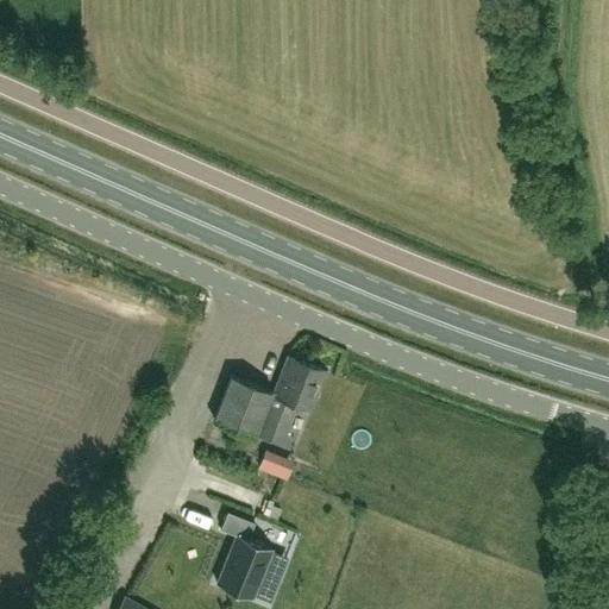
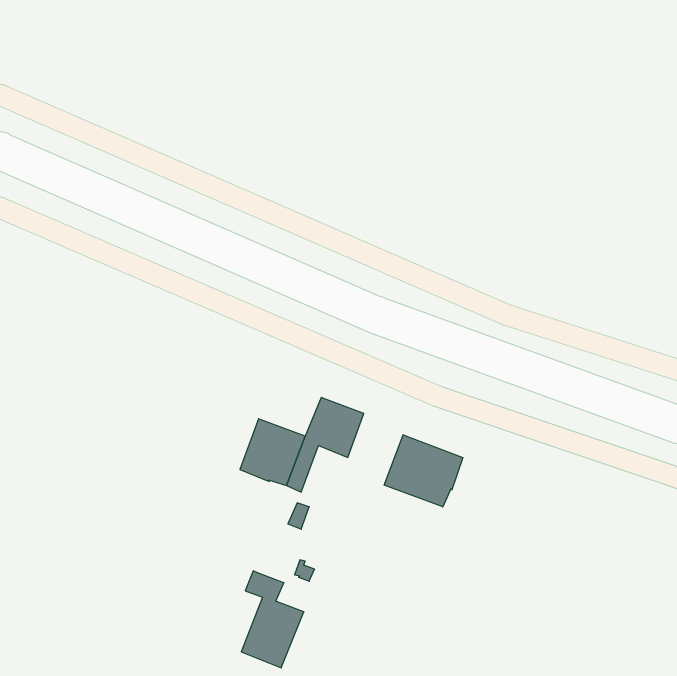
building: none -> [384,435,463,507]

